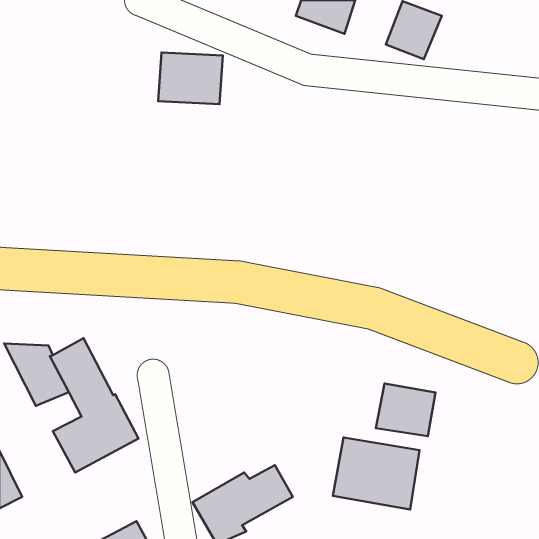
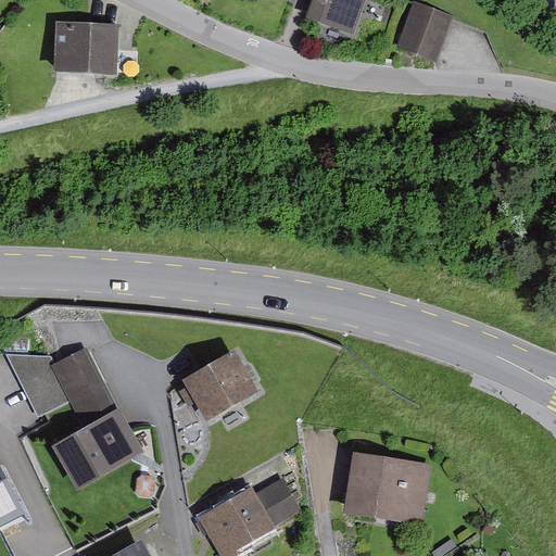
building: [158,52,223,104] -> [52,21,118,74]
building: none -> [178,348,257,420]
building: [376,383,436,436] -> none

